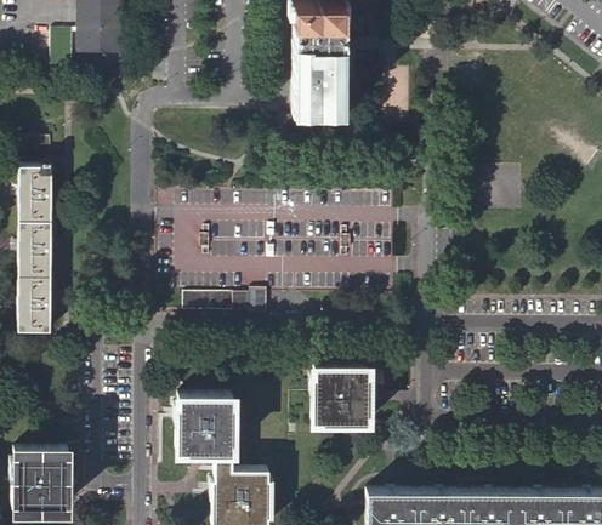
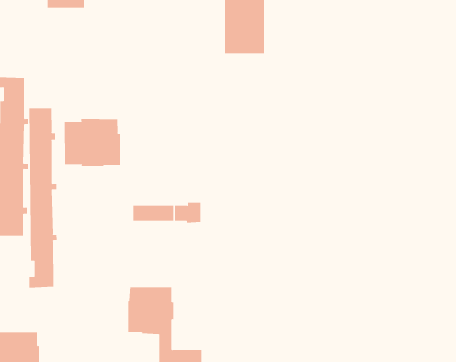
building: none -> [29,108,57,289]
building: none -> [64,118,121,167]
building: [312,369,370,426] -> none

